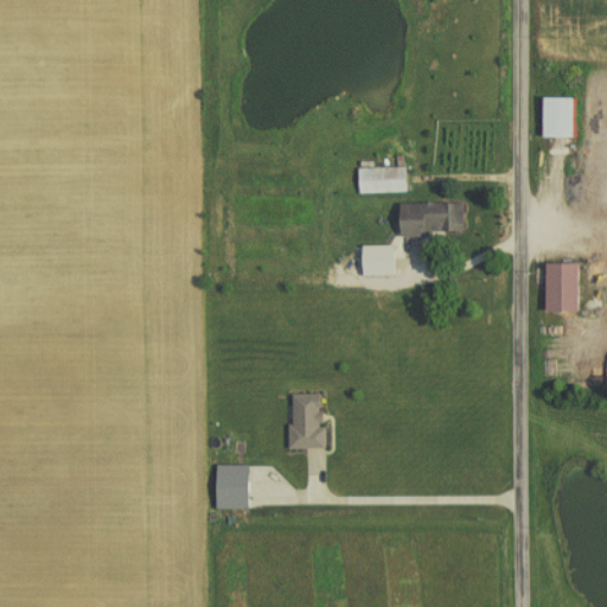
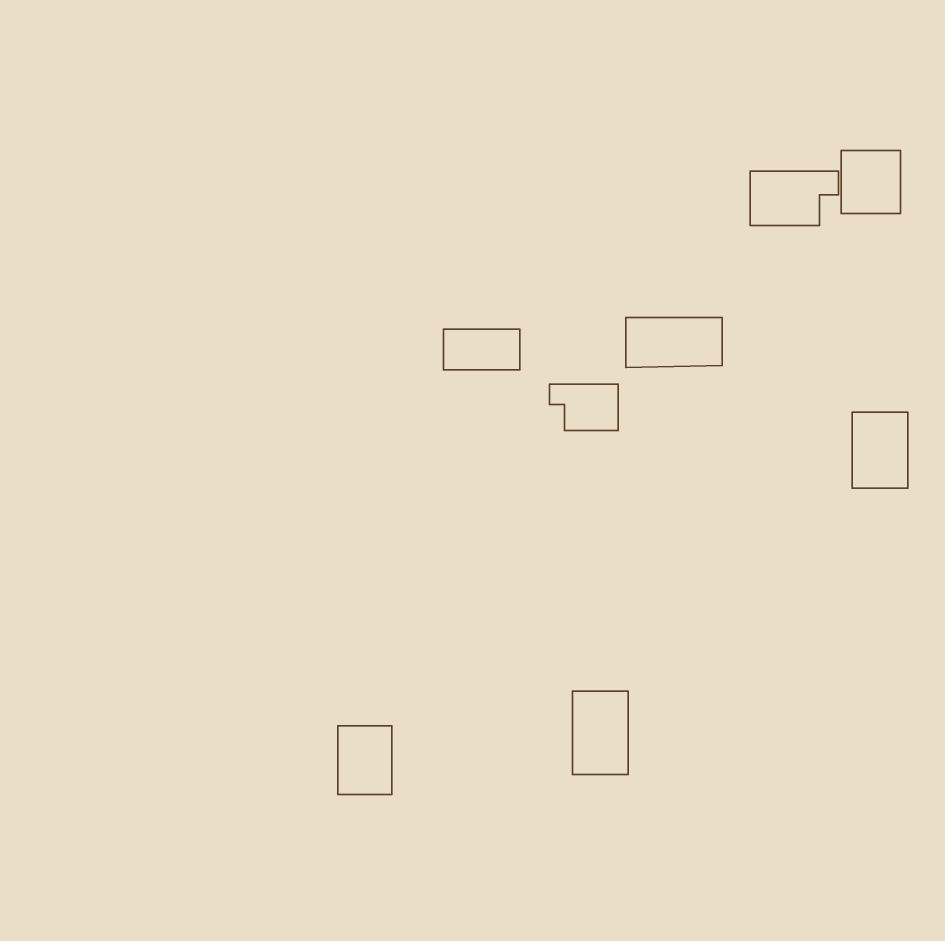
building: none -> [750,171,839,225]
building: [354,166,403,192] -> [444,329,520,370]
building: [289,394,325,447] -> [572,691,628,775]

